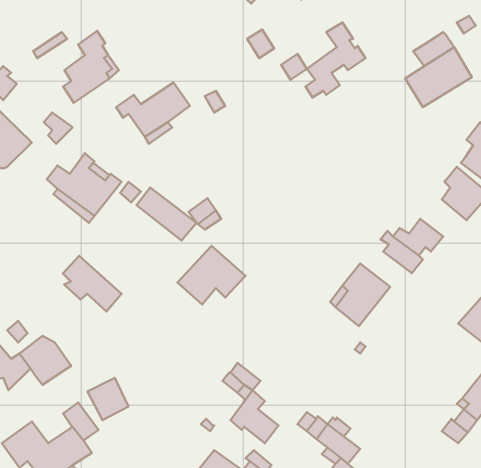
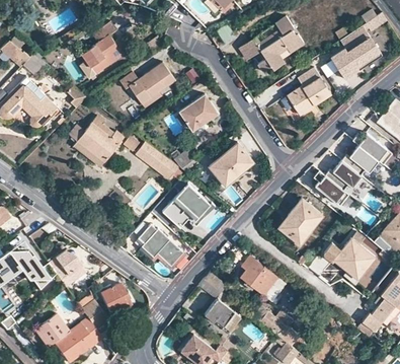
building: none -> [288,76,331,113]
building: none -> [175,96,218,131]
building: none -> [210,143,253,185]
building: none -> [345,149,381,176]
building: [63,256,121,312] -> [143,225,186,267]
building: none -> [323,230,375,278]
building: none -> [240,254,287,304]

